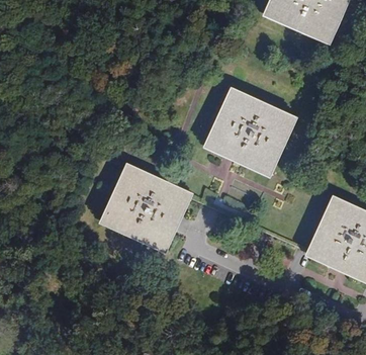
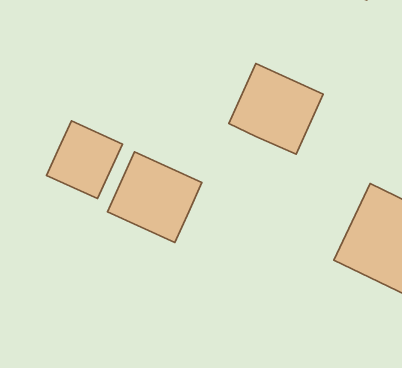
building: none -> [46,121,122,199]

